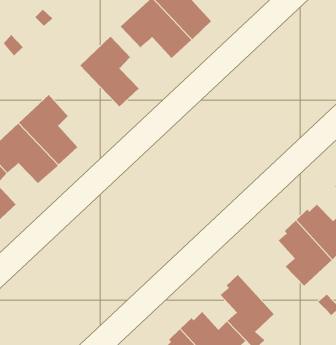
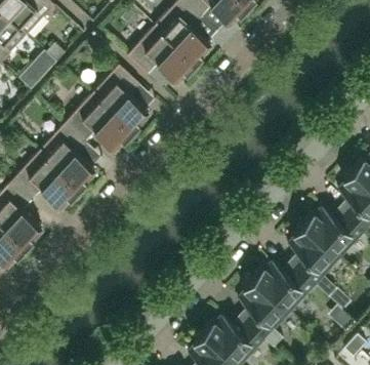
building: none -> [64,95,132,151]
building: none -> [251,262,314,314]

